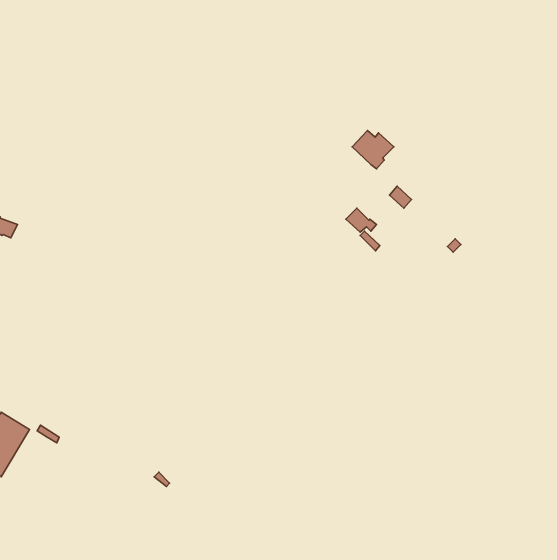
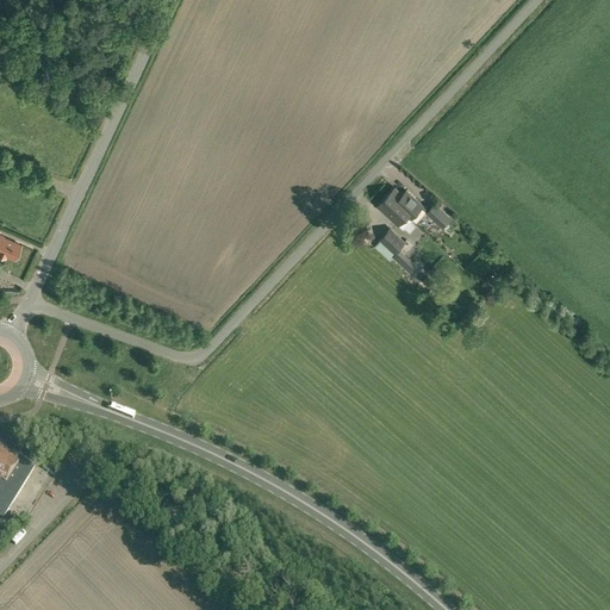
building: [352,130,394,169] -> [375,187,421,229]

